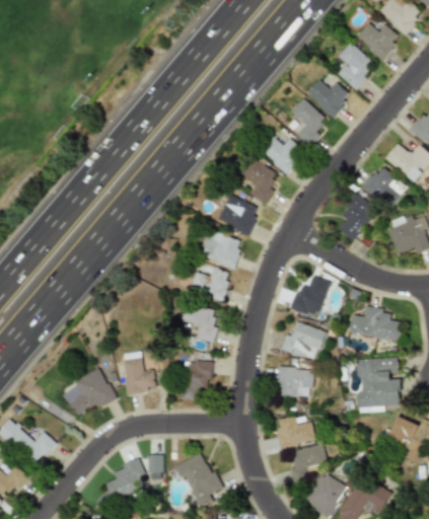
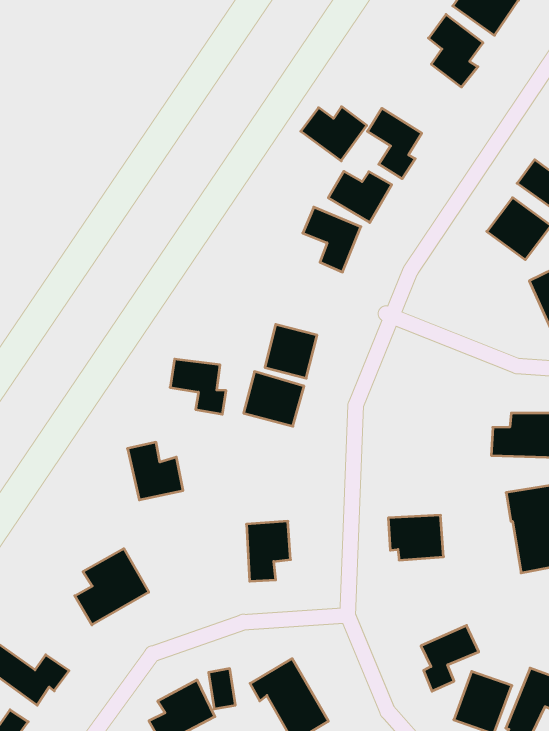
building: [307,80,351,117] -> [301,107,367,161]
building: [217,194,260,234] -> none
building: [338,194,375,240] -> none
building: [292,276,330,316] -> none
building: [181,303,217,343] -> [170,359,226,414]
building: [280,321,325,361] -> none
building: [123,358,156,394] -> [127,442,183,500]
building: [274,415,314,449] -> none

